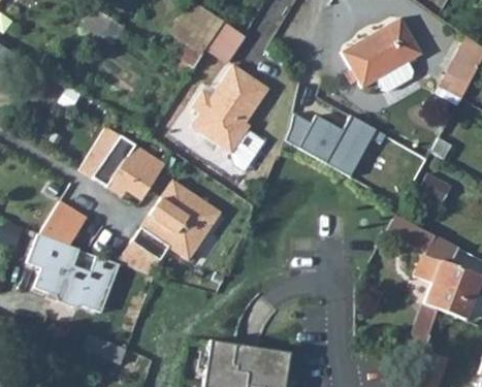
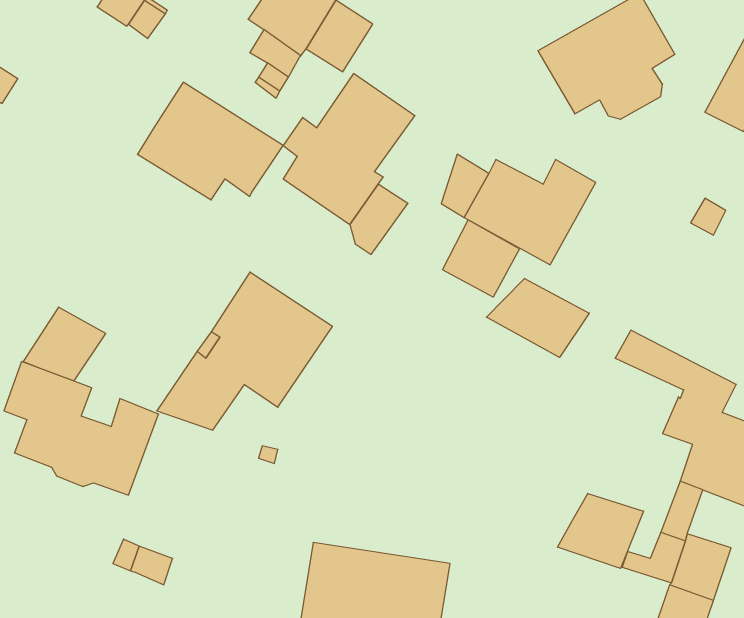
building: [79,126,165,195] -> [137,82,283,200]
building: none -> [443,220,520,297]
building: none -> [486,278,589,357]
building: none -> [557,493,644,568]

